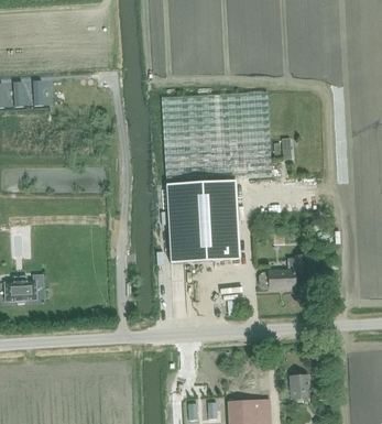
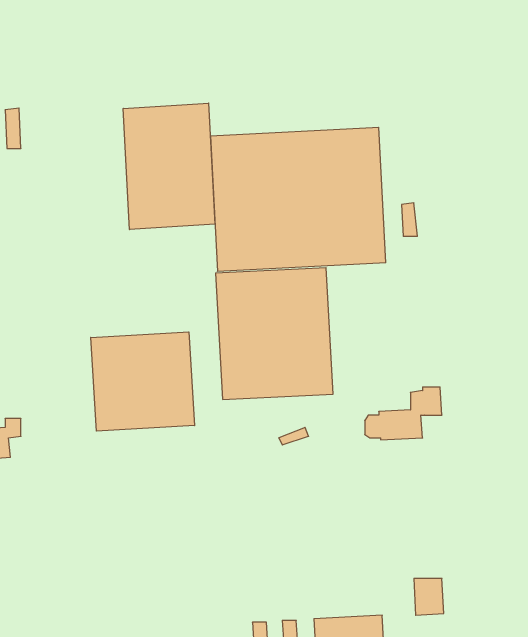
building: none -> [123,103,215,230]
building: none -> [91,332,195,431]

